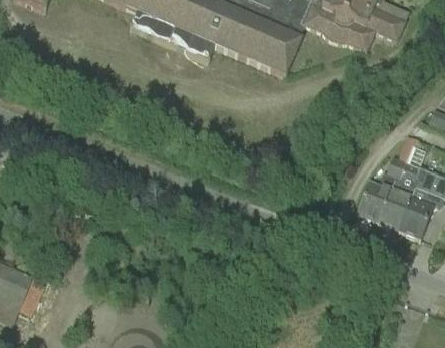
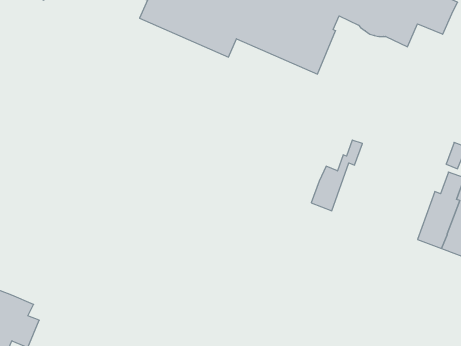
building: [357,157,402,220] -> [311,140,362,211]

